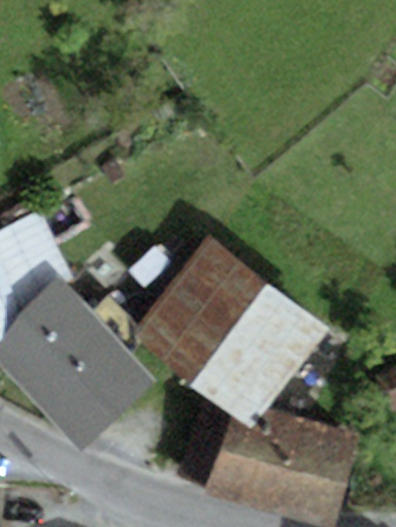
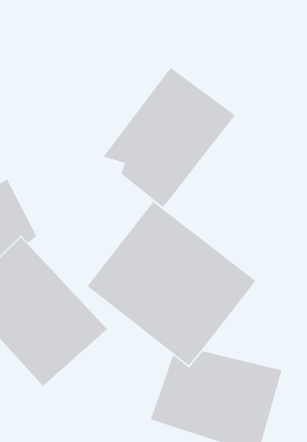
building: none -> [102,67,236,208]

